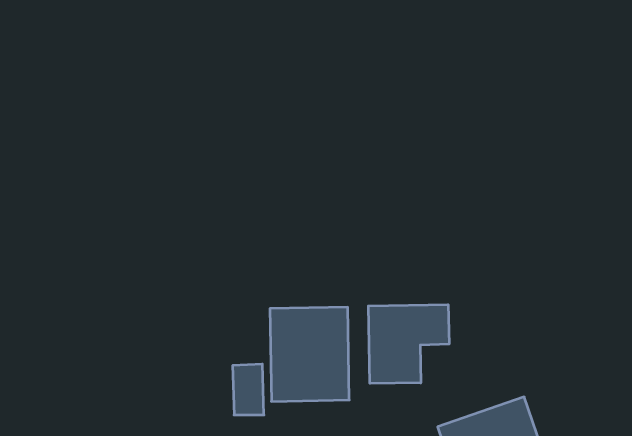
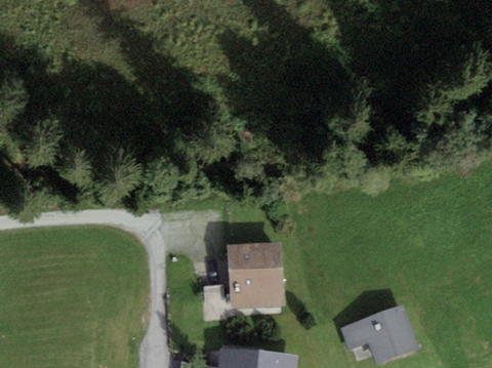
building: [368,305,449,383] -> none

